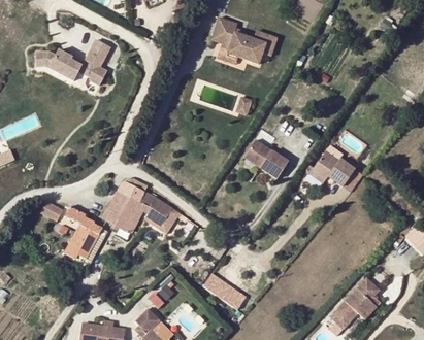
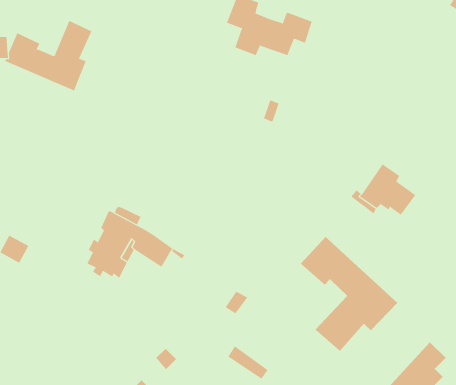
building: [243,139,289,178] -> none
building: none -> [300,236,398,352]
building: [63,207,106,266] -> none

